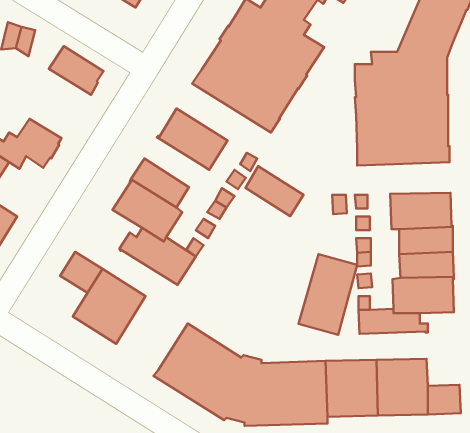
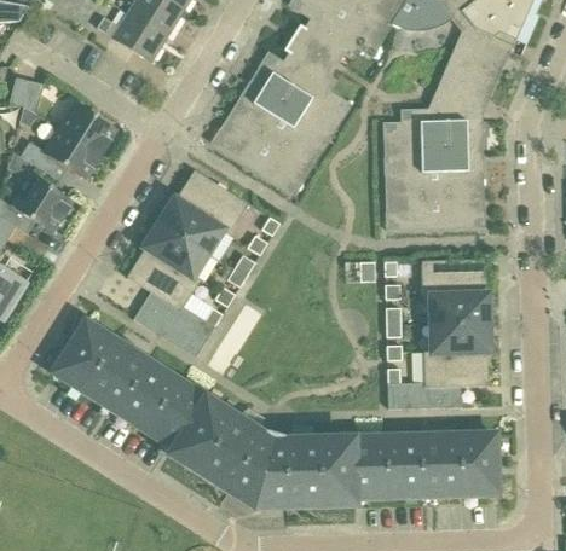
building: none -> [19,127,103,178]
building: [246,166,304,216] -> [160,199,221,253]
building: [299,254,357,335] -> none
building: none -> [54,347,99,390]
building: none -> [129,369,206,447]
building: none -> [460,434,495,464]

